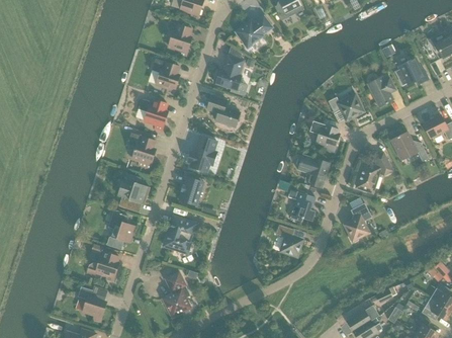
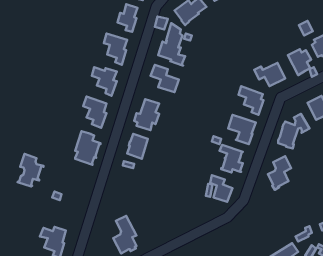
building: [105,212,135,250] -> [17,154,43,187]
building: [163,216,196,253] -> none
building: [85,251,118,282] -> none

